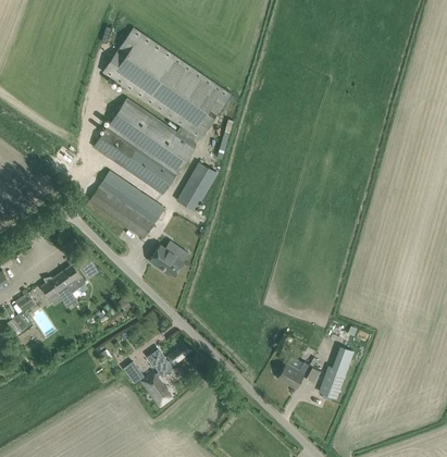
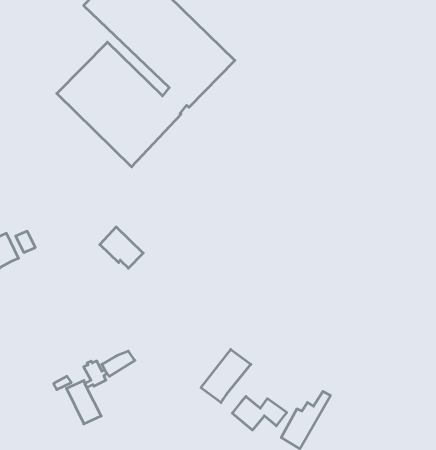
building: [176,161,218,212] -> none
building: [88,171,162,238] -> none
building: none -> [201,349,251,403]

